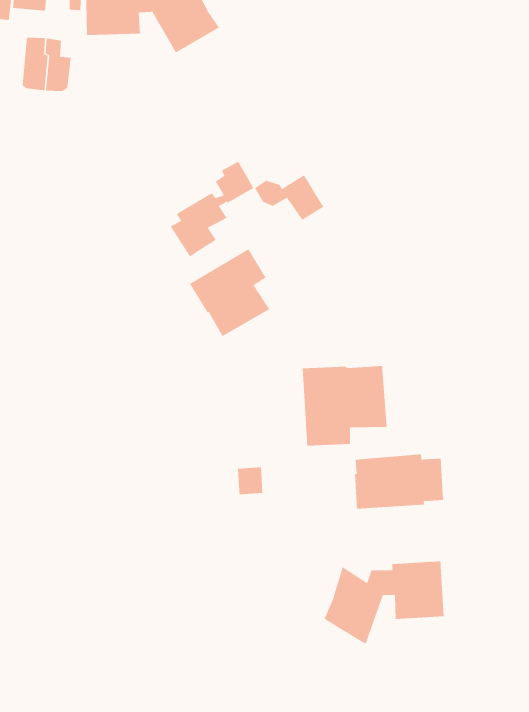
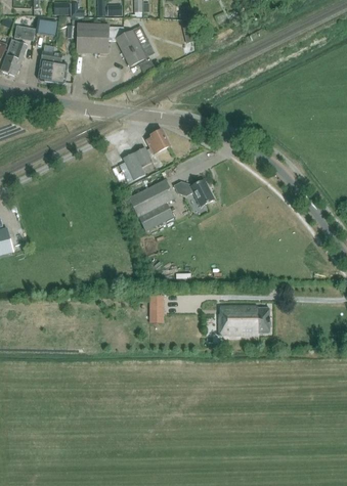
building: [254,175,324,221] -> [174,179,214,206]
building: [302,365,387,446] -> none
building: [324,560,444,645] -> none

